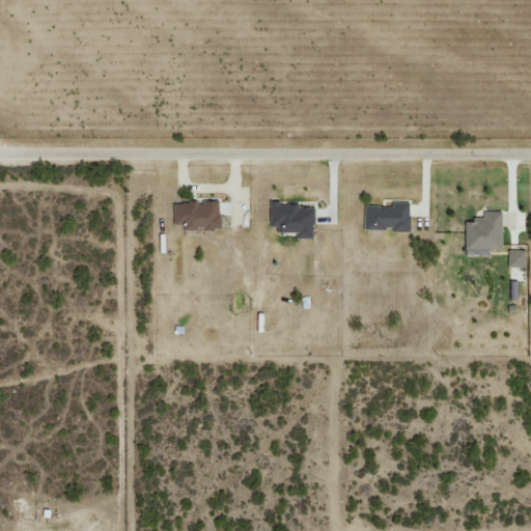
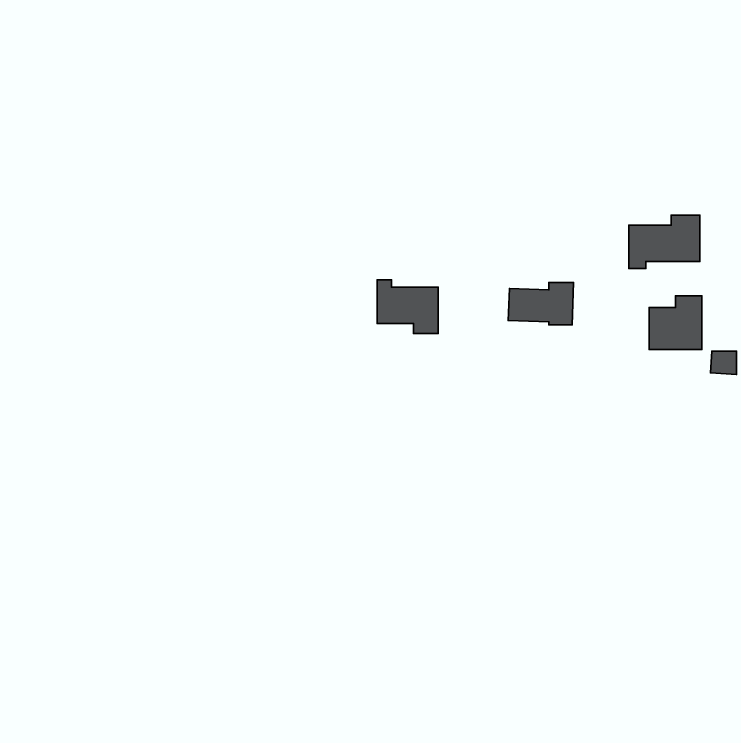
building: none -> [629,215,700,269]
building: [174,202,220,232] -> none

